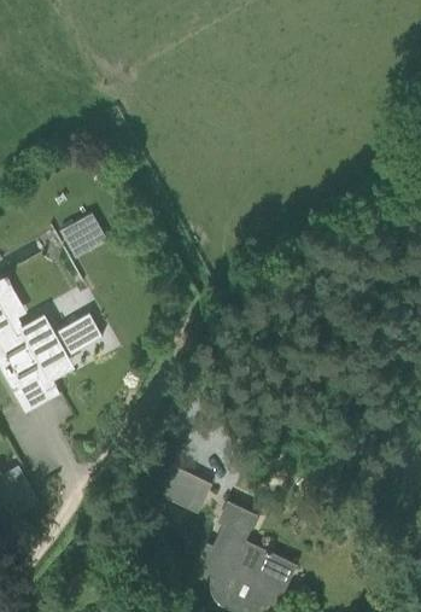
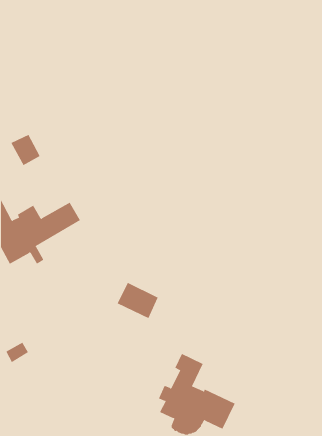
building: [60,218,98,258] -> [11,134,41,166]
building: [159,465,211,511] -> [117,282,158,319]

